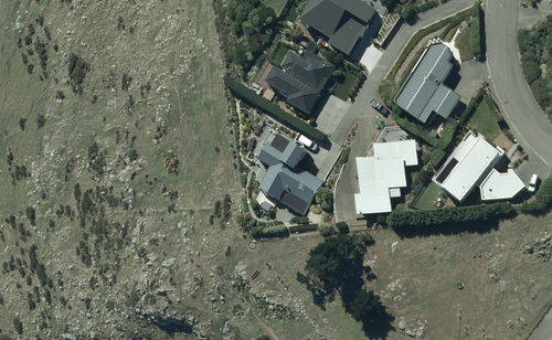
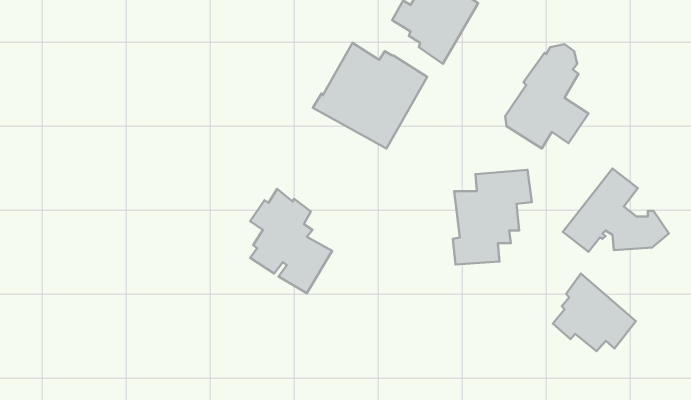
building: [258,131,322,213] -> [250,189,332,293]
building: none -> [553,274,636,351]

